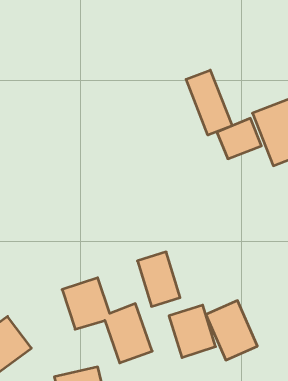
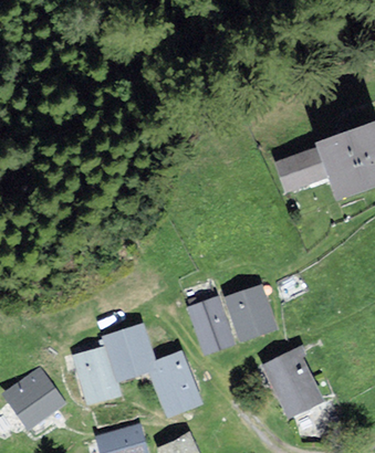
building: [186,70,232,135] -> none
building: none -> [70,345,118,403]
building: [169,305,216,358] -> [225,284,277,343]

